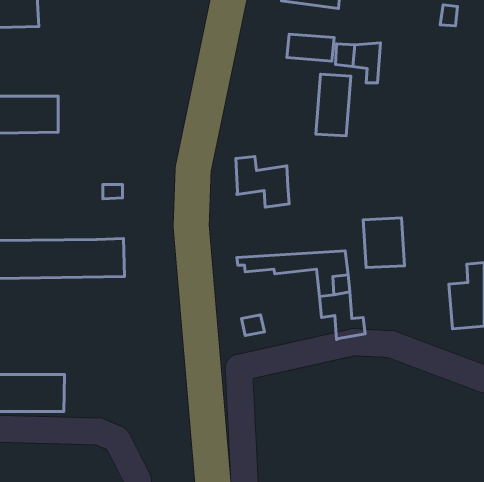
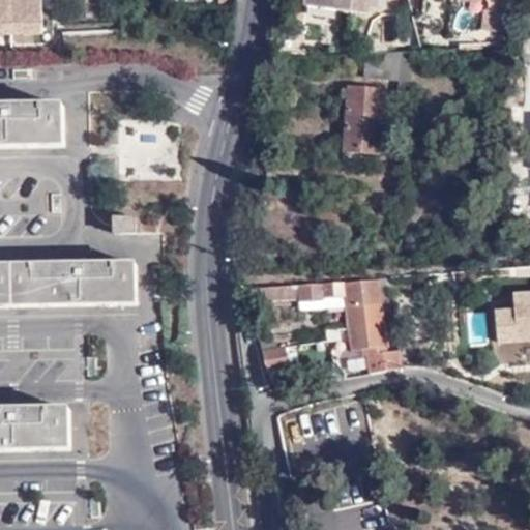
building: [287,34,334,61] -> none
building: [236,157,289,207] -> none
building: [363,218,405,268] -> none

